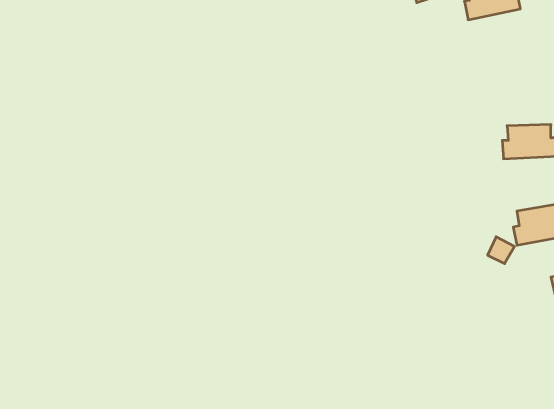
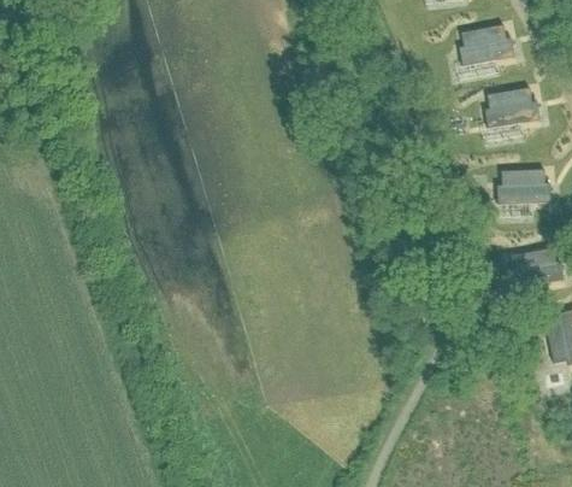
building: none -> [484,88,539,128]

